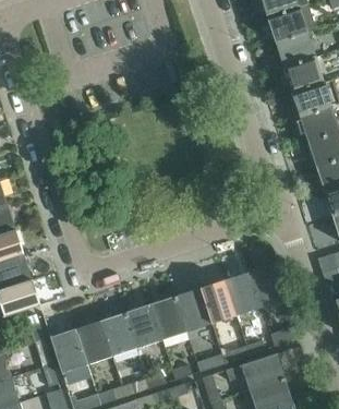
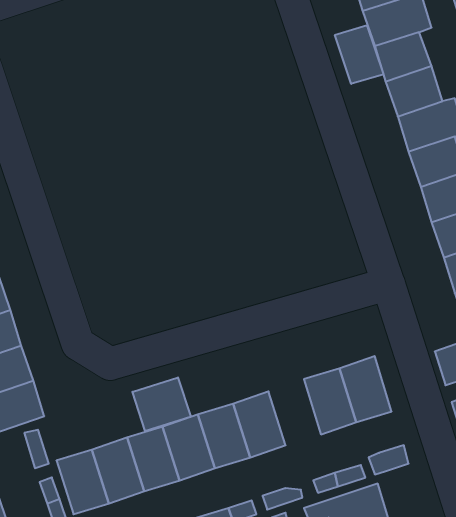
building: none -> [335,25,383,84]
building: none -> [132,377,191,431]
building: [199,278,237,325] -> none

